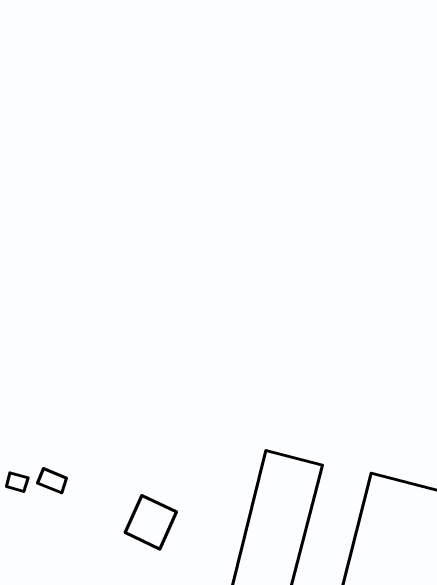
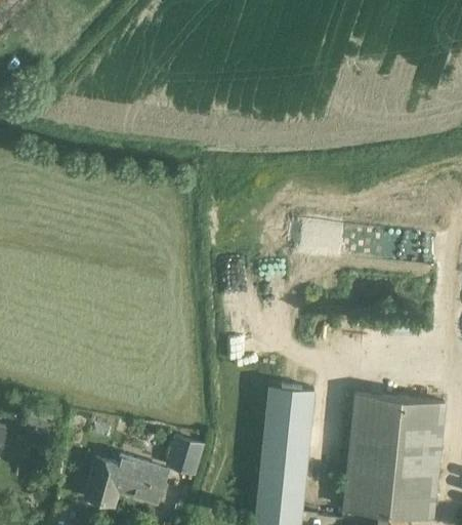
building: none -> [83,456,166,508]

